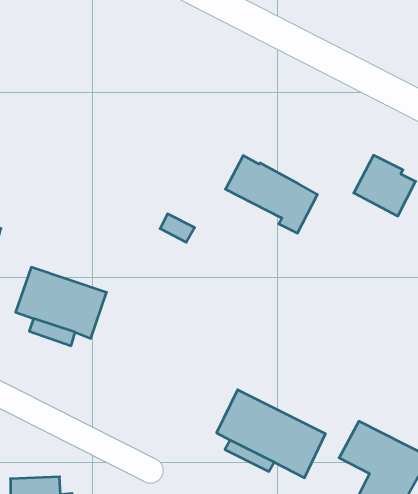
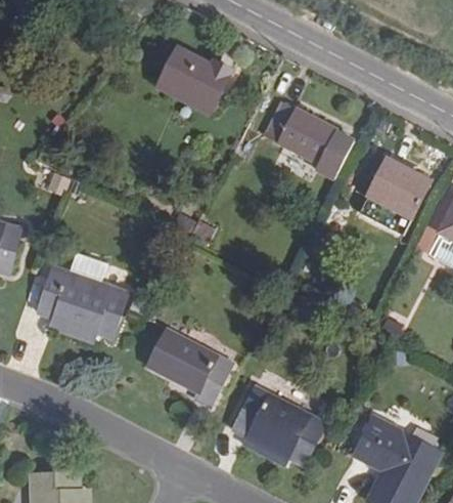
building: none -> [160,47,230,110]
building: [225,156,317,233] -> [263,101,353,177]
building: none -> [147,329,231,407]

